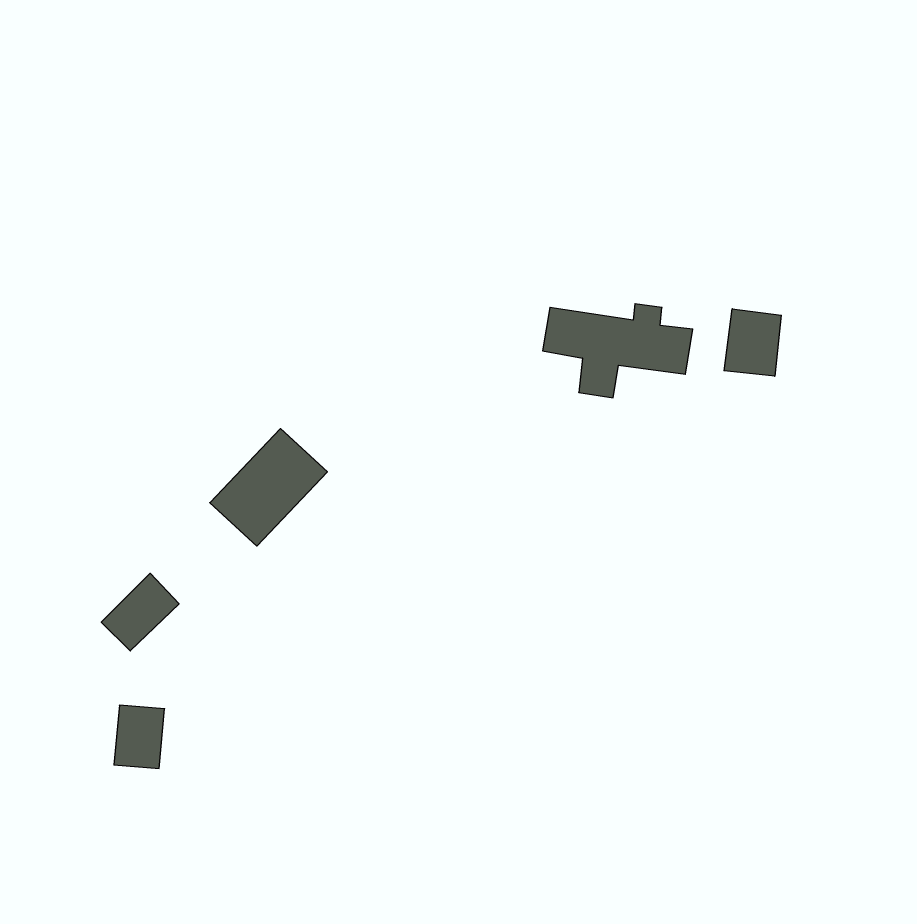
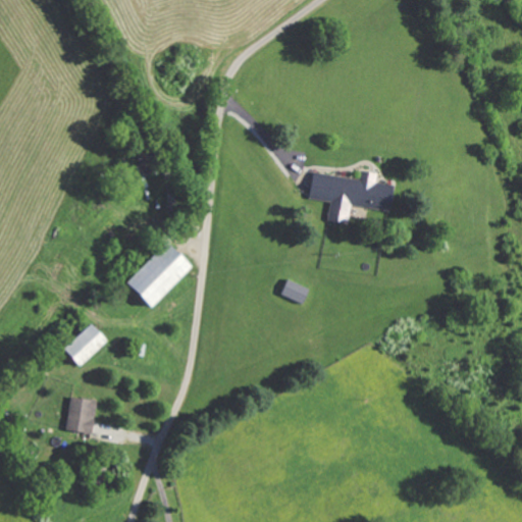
building: [724,309,781,376] -> none
building: none -> [281,279,310,304]

